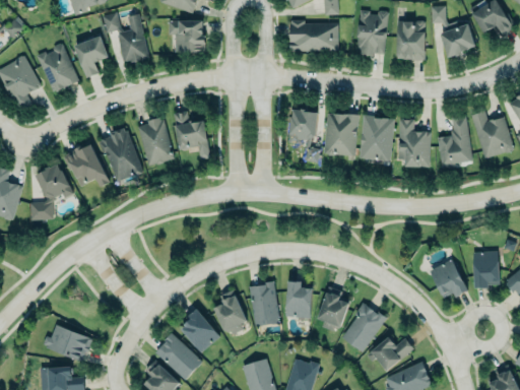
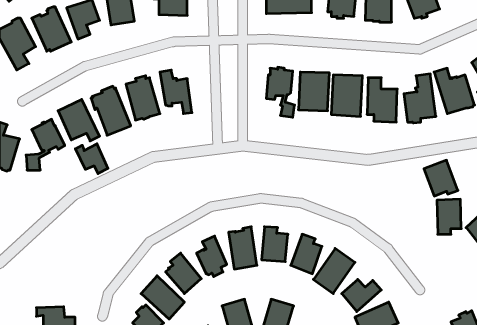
building: none -> [75,144,108,174]
building: [430,260,466,299] -> [424,160,458,196]
building: [44,325,93,362] -> none

